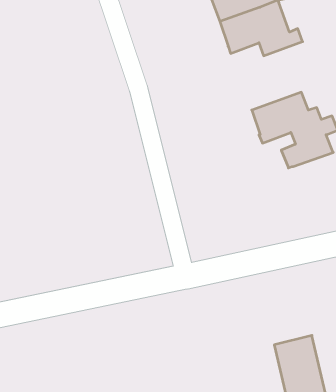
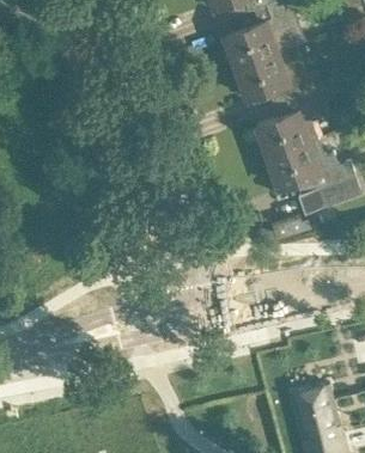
building: none -> [254,86,323,155]

